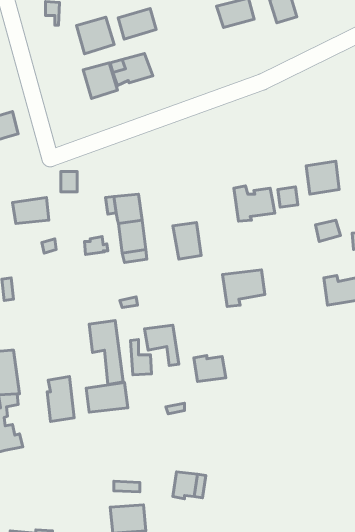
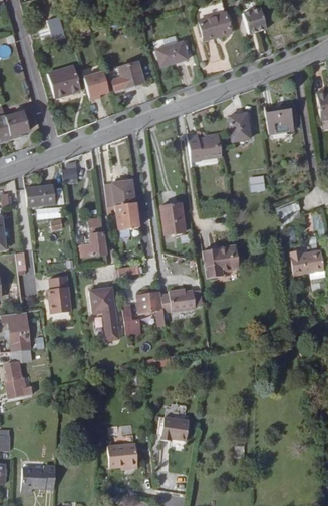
building: [118,8,156,39] -> [156,40,189,66]
building: [76,17,114,54] -> [49,68,81,99]
building: none -> [229,114,250,142]
building: [306,161,339,194] -> [265,105,293,133]
building: [234,186,275,221] -> [187,132,222,162]
building: none -> [79,234,104,260]
building: [194,355,226,381] -> [169,289,196,311]
building: [47,377,74,421] -> [48,276,71,314]
building: [86,383,128,412] -> none

